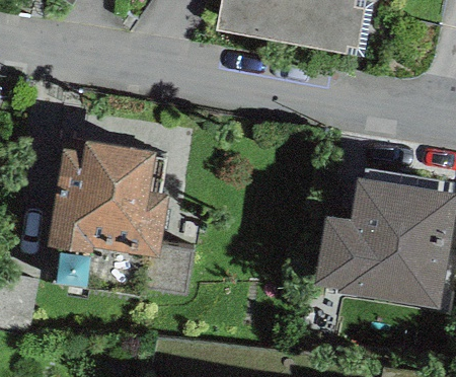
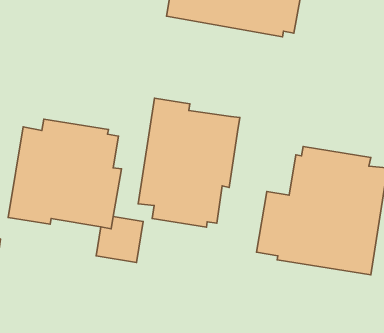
building: none -> [138,98,240,227]

